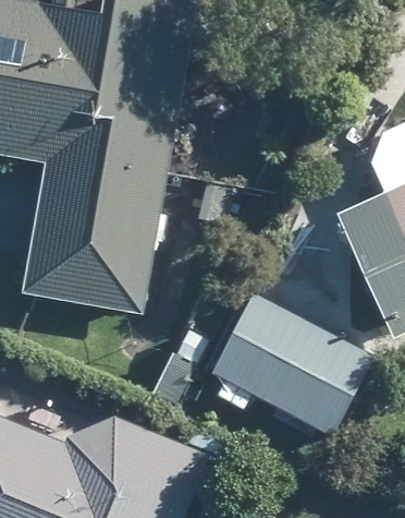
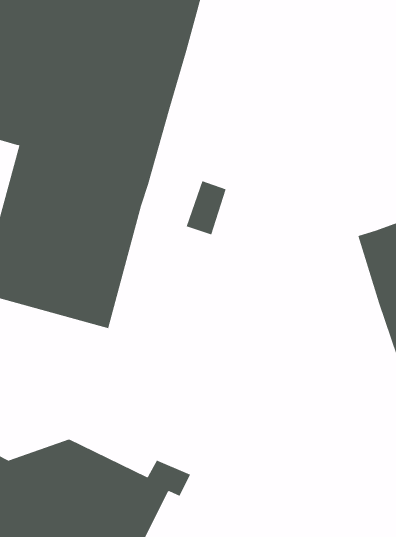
building: [212,297,377,442] -> none

